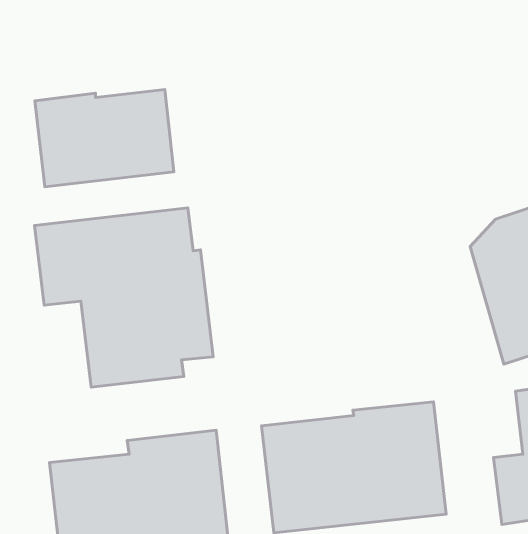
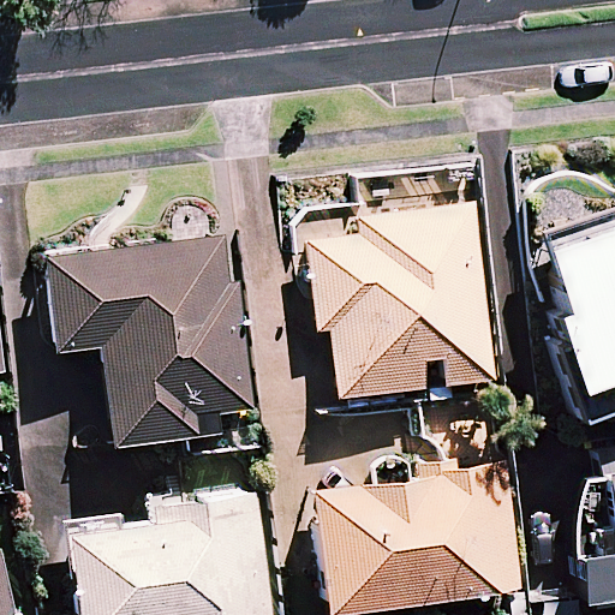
building: [35,90,174,187] -> none
building: none -> [309,207,494,398]

